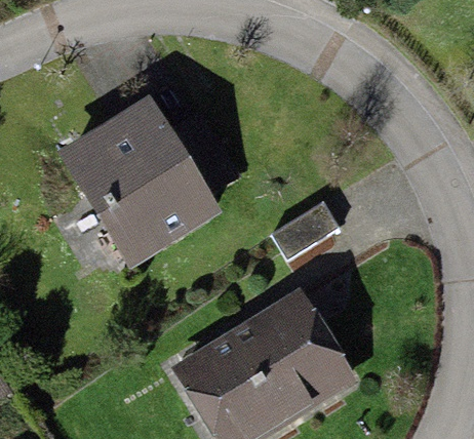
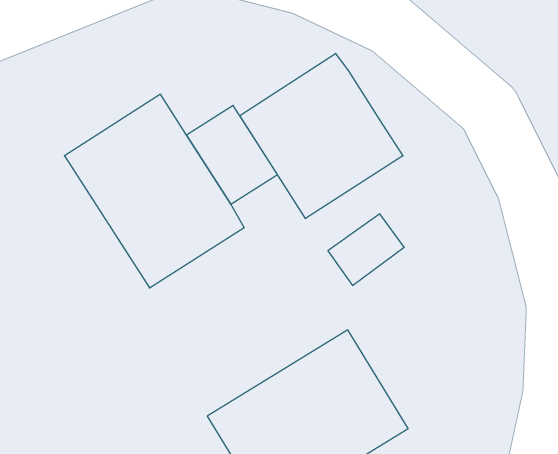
building: none -> [240,53,403,219]

